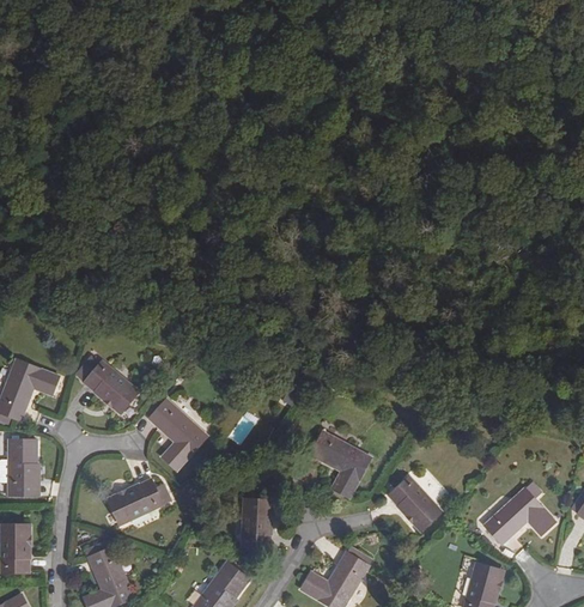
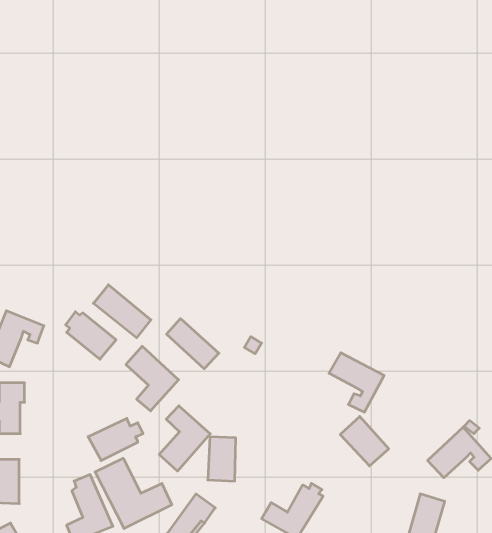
building: none -> [93,285,151,338]
building: none -> [167,319,219,369]
building: [309,431,370,497] -> [329,353,384,412]
building: none -> [159,406,210,471]
building: none -> [95,458,172,529]

